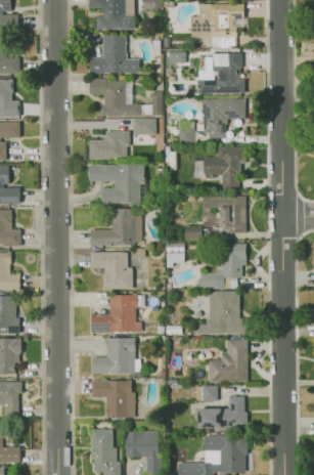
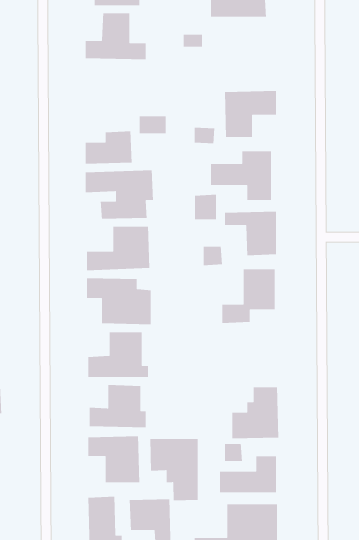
building: [196,53,244,94] -> none
building: [89,79,140,116] -> none
building: [166,243,184,264] -> [194,194,217,220]
building: [197,291,244,334] -> none
building: none -> [150,438,198,501]

